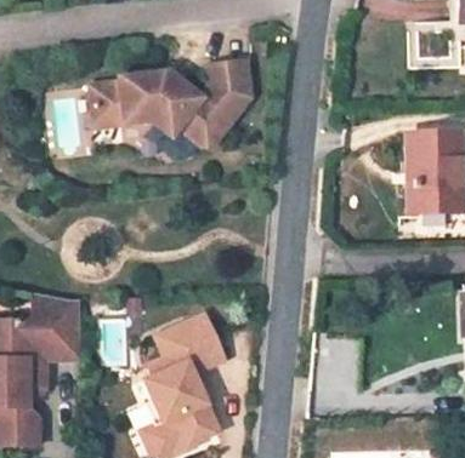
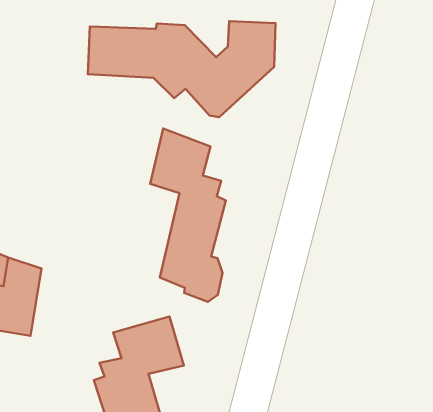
building: none -> [150,128,226,302]

